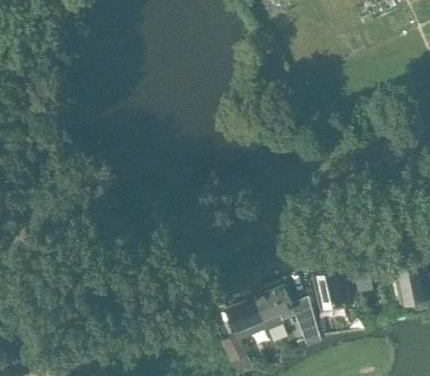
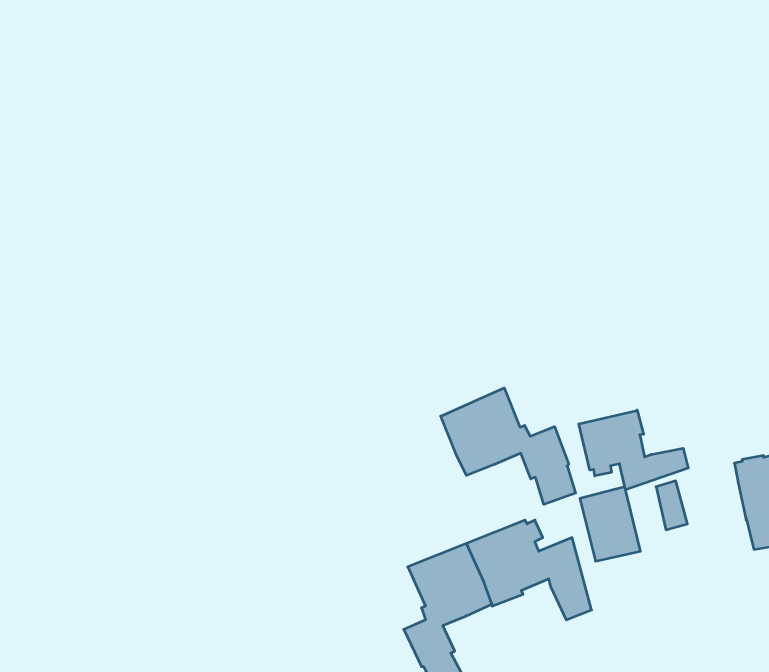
building: none -> [441,388,576,504]
building: none -> [579,410,688,490]

